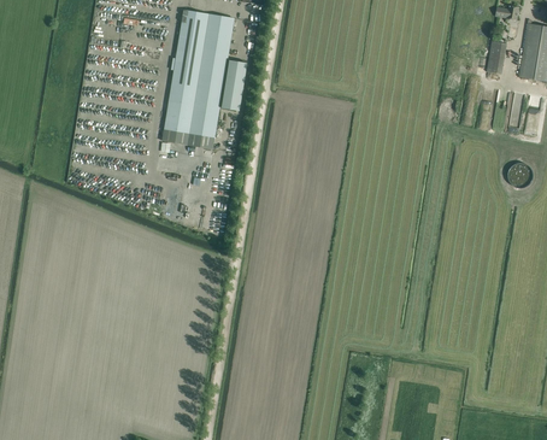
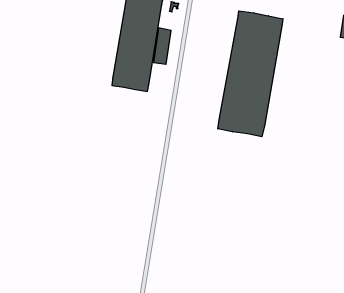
building: none -> [218,11,283,137]

